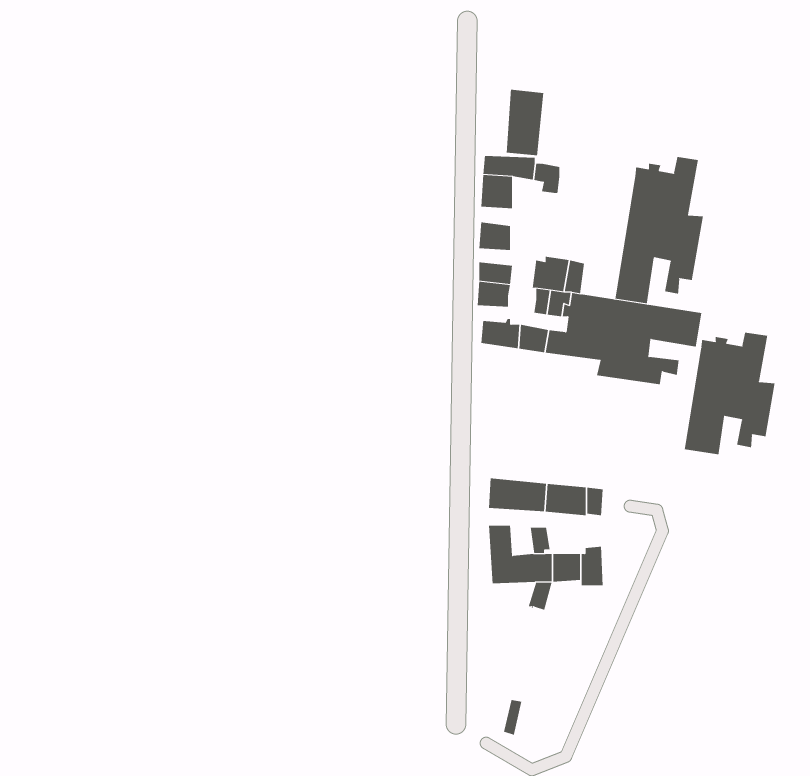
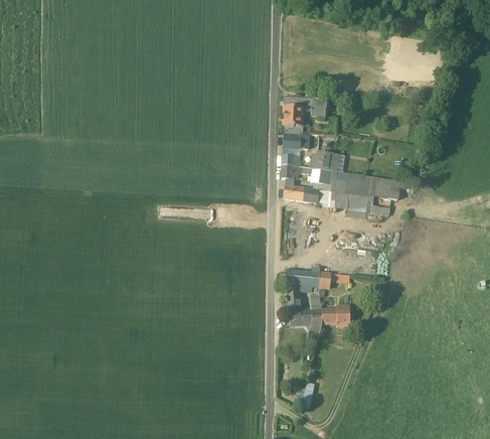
building: [506,89,544,156] -> none
building: [615,156,703,304] -> none
building: [684,332,775,455] -> none

